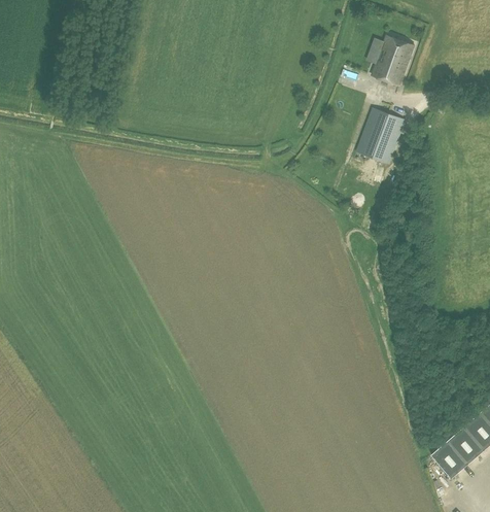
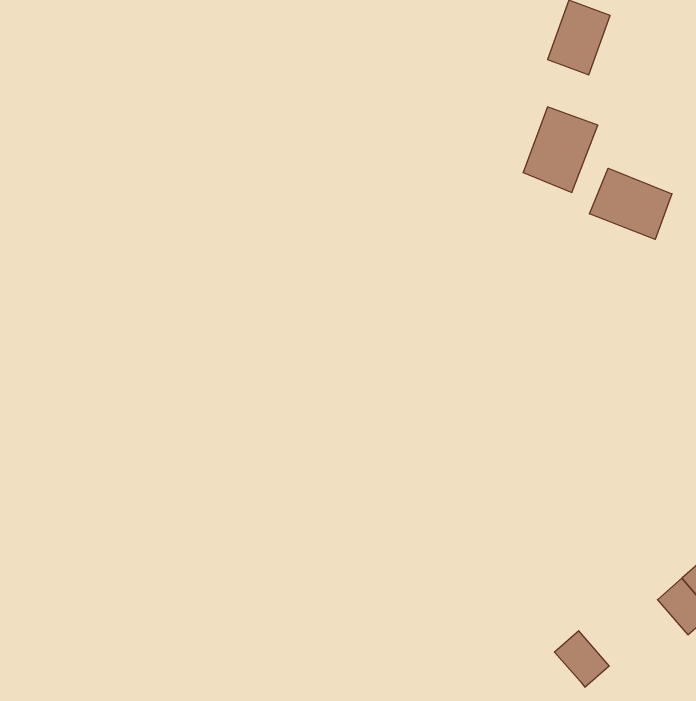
building: none -> [589,168,672,239]
building: [430,440,467,478] -> [554,631,609,687]

